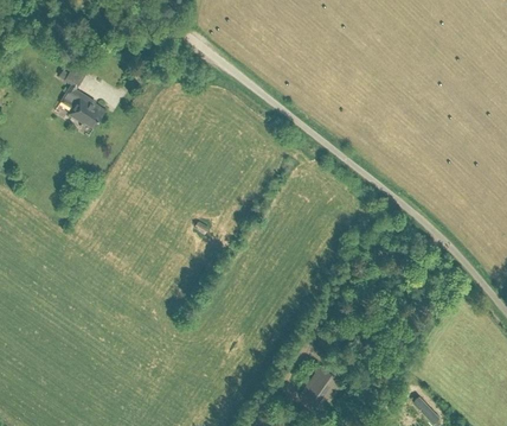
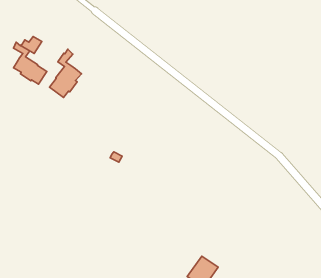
building: none -> [49,49,81,98]

